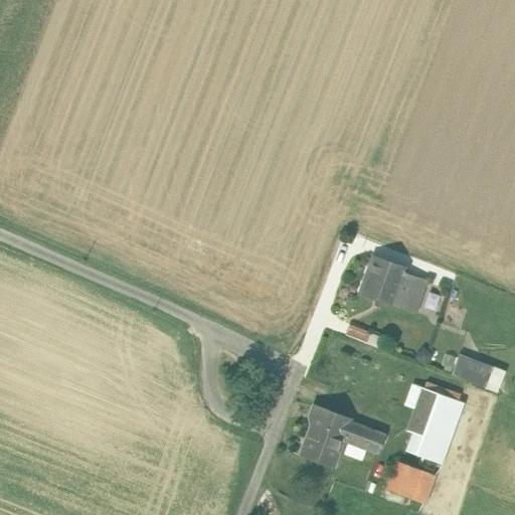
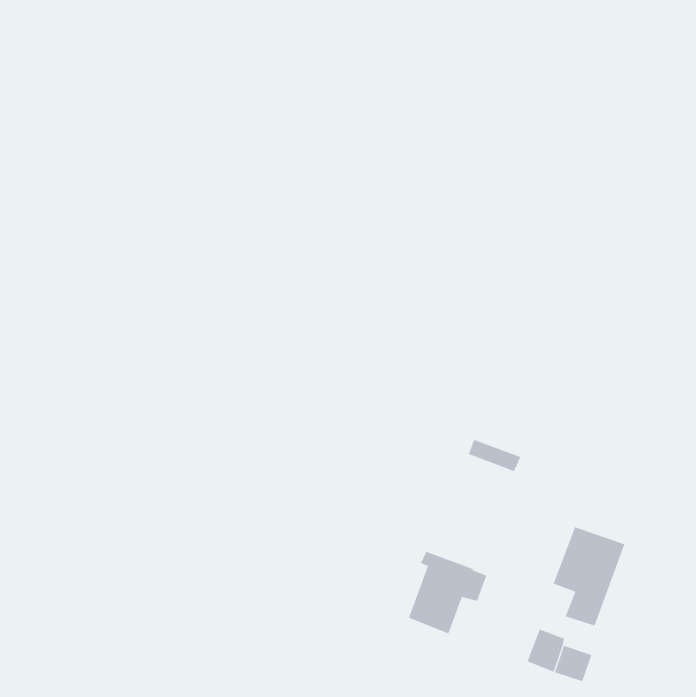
building: [360,256,426,312] -> none
building: [453,354,493,386] -> none
building: [353,424,386,454] -> none

